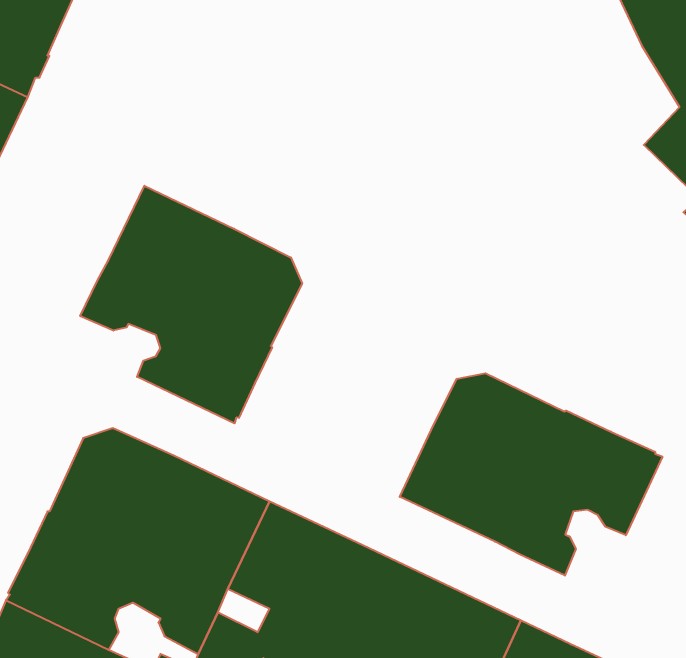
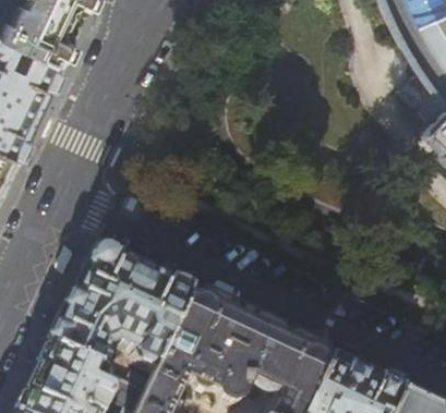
building: [80,186,302,423] -> none
building: [400,373,662,576] -> none

